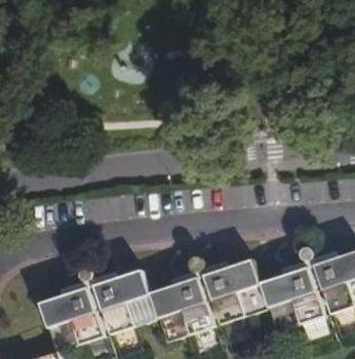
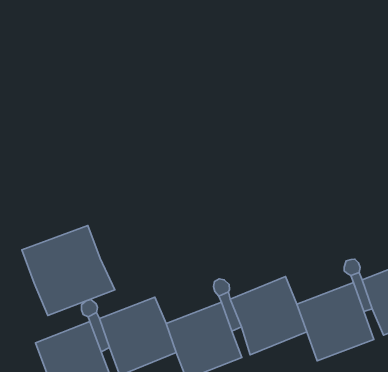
building: none -> [22,225,115,315]

